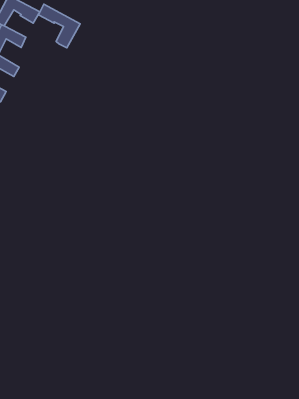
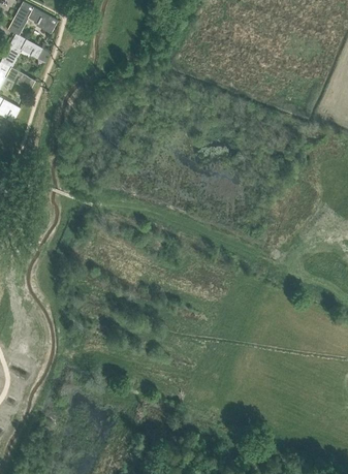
building: [38,4,80,48] -> none

